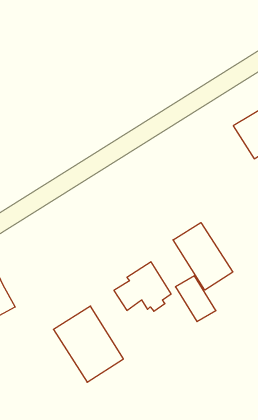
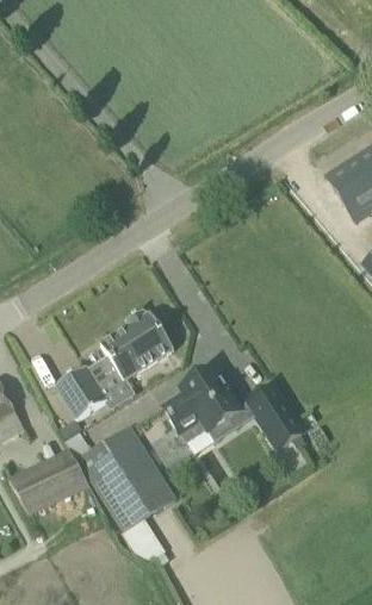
building: none -> [55,307,174,419]
building: [173,223,233,290] -> none
building: none -> [16,459,79,517]

